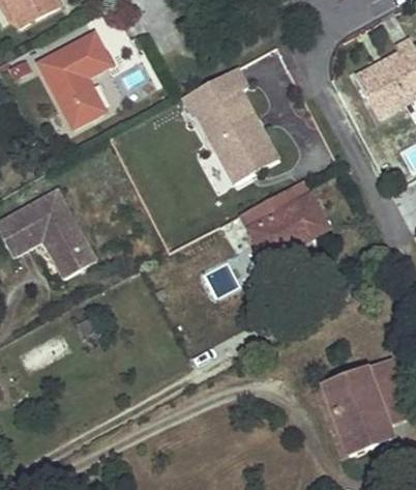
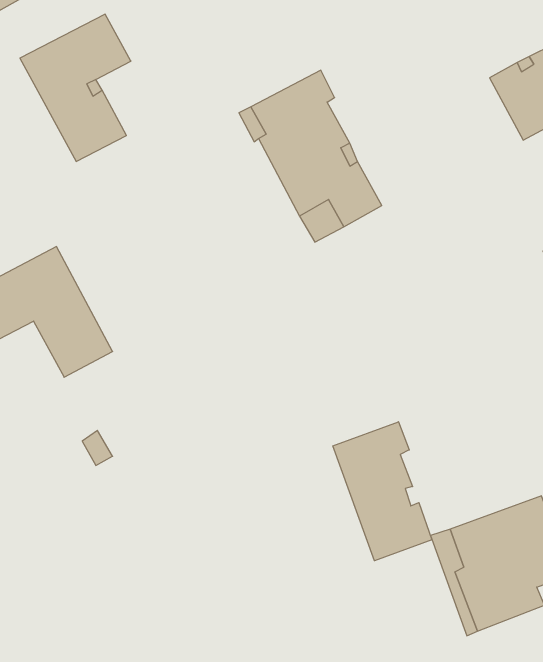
building: [238,177,327,273] -> none
building: none -> [333,422,432,561]

